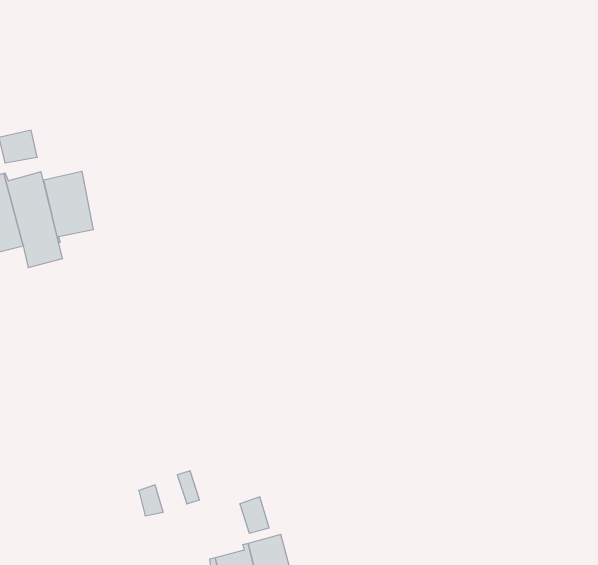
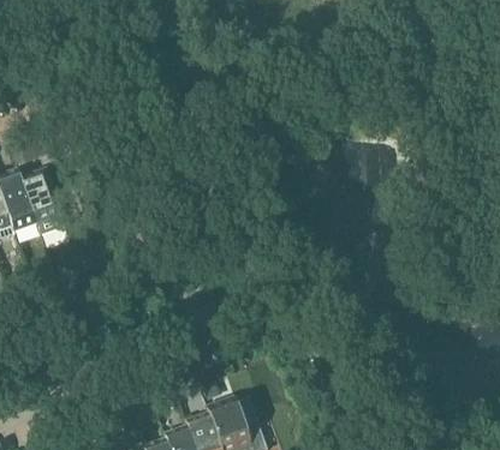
building: [44,171,93,243] -> none

